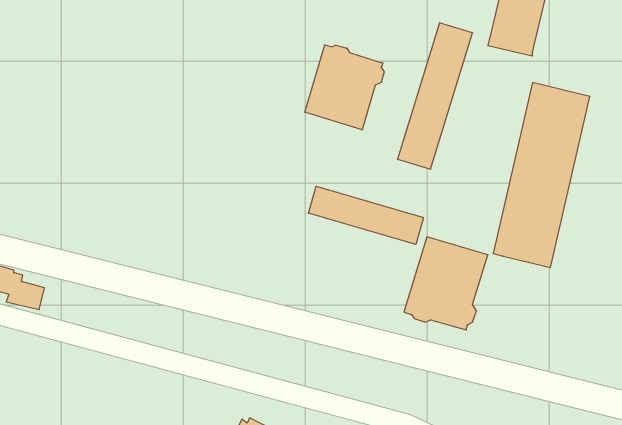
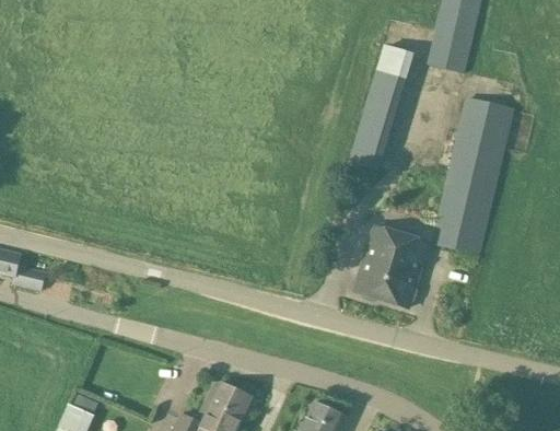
building: [305,45,384,130] -> none
building: [308,186,424,244] -> none

